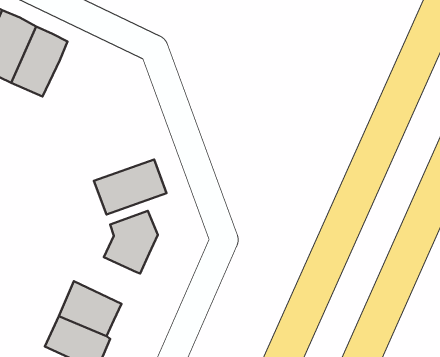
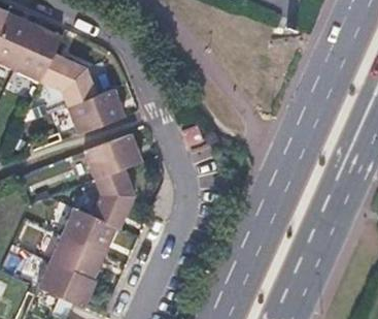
building: none -> [39,52,93,101]
building: none -> [64,87,125,134]
building: none -> [65,209,116,252]

